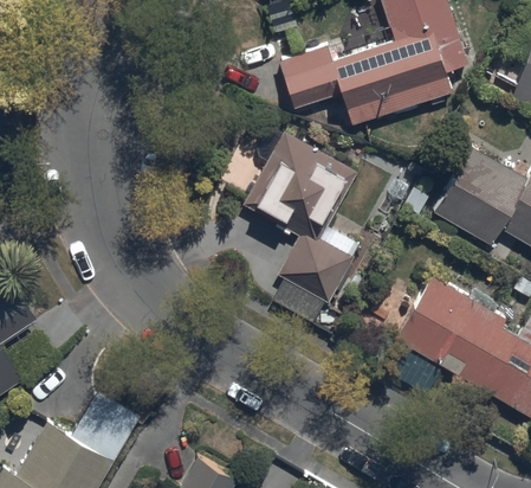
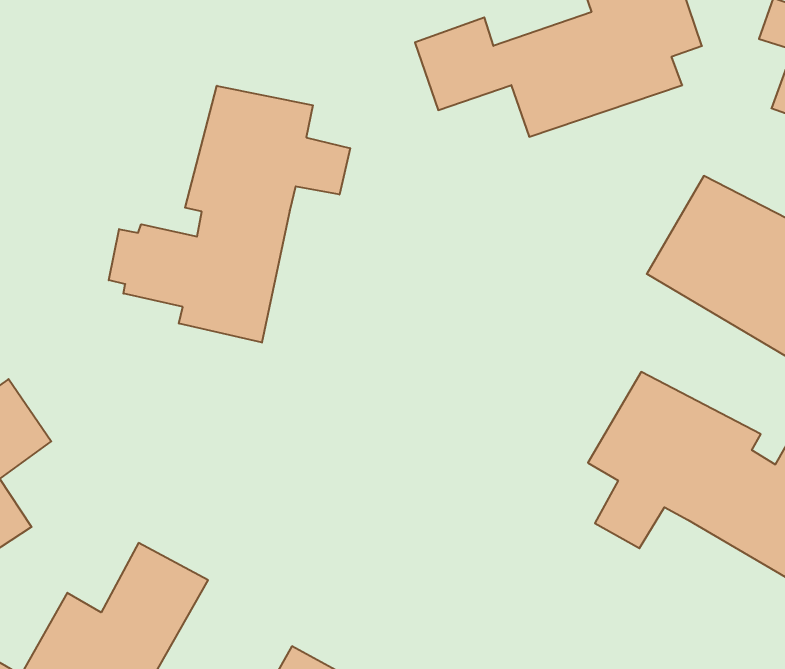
building: none -> [109,86,350,343]
building: [244,131,360,326] -> none

